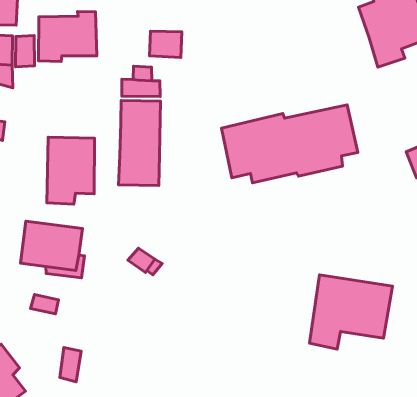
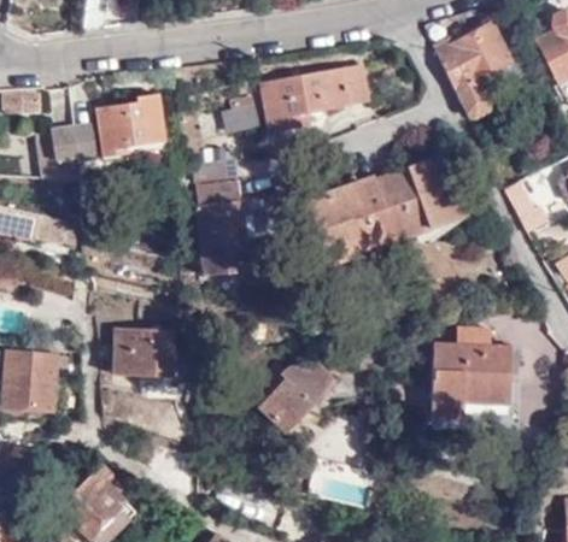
building: none -> [263,66,369,131]
building: [47,137,95,204] -> none
building: none -> [248,365,334,435]

